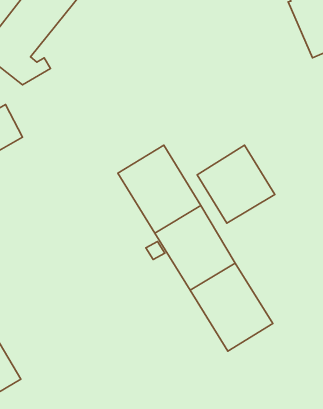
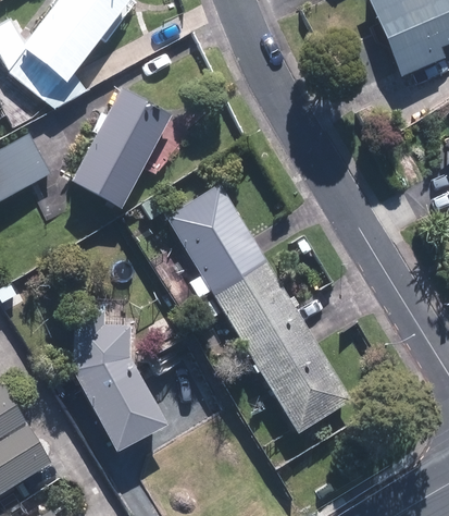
building: none -> [72,87,172,209]
building: [197,145,275,223] -> none
building: none -> [63,308,158,453]

